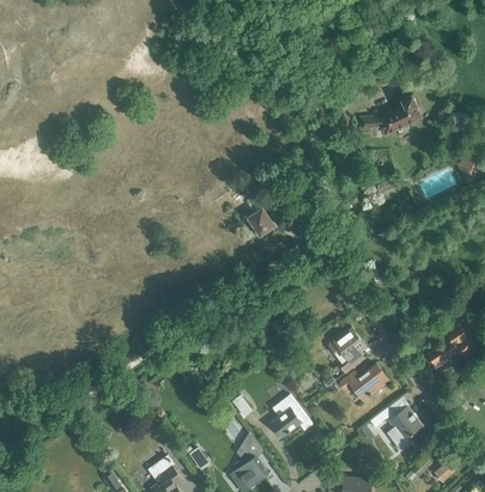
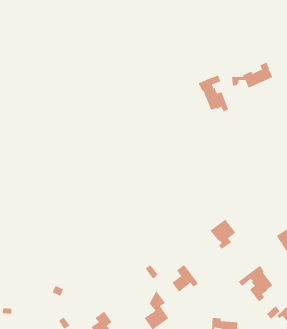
building: none -> [198,74,229,112]
building: [245,195,274,235] -> none
building: [339,364,388,399] -> none

